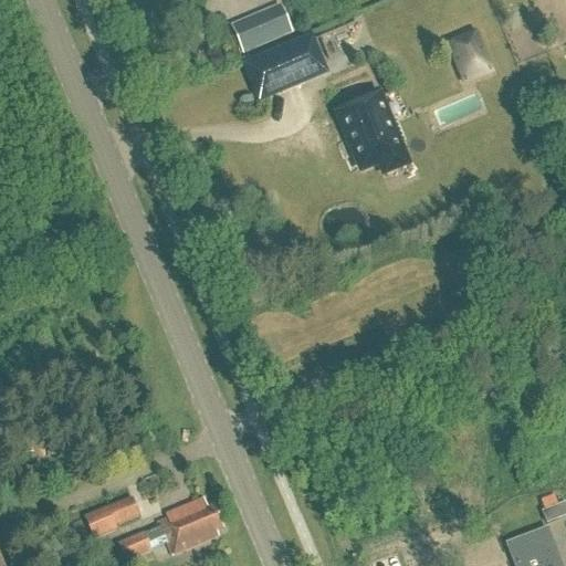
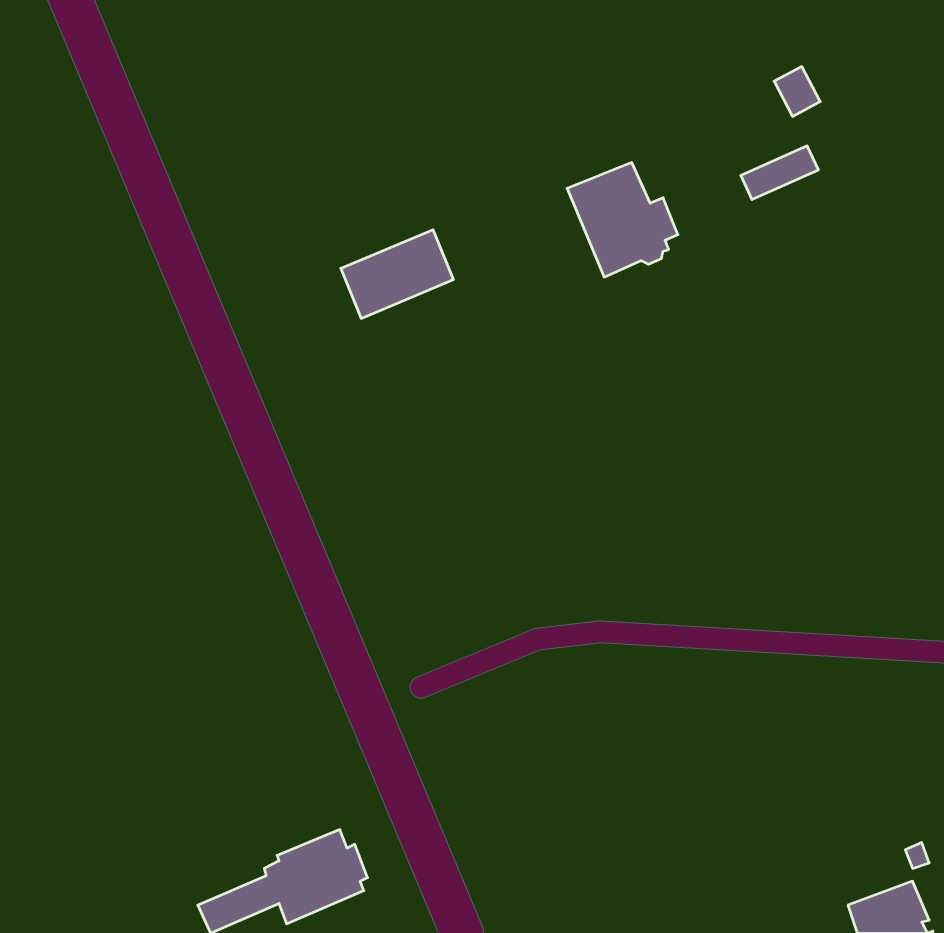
building: [232,6,292,51] -> none
building: [249,41,316,94] -> [341,230,453,318]
building: [85,496,139,536] -> none

